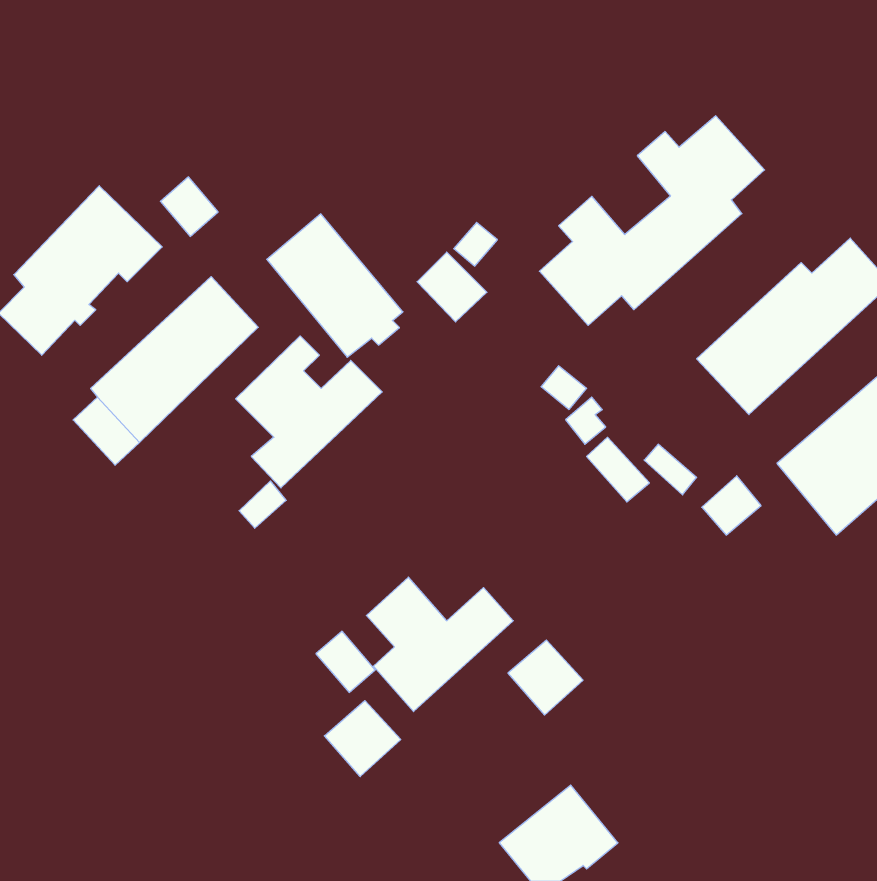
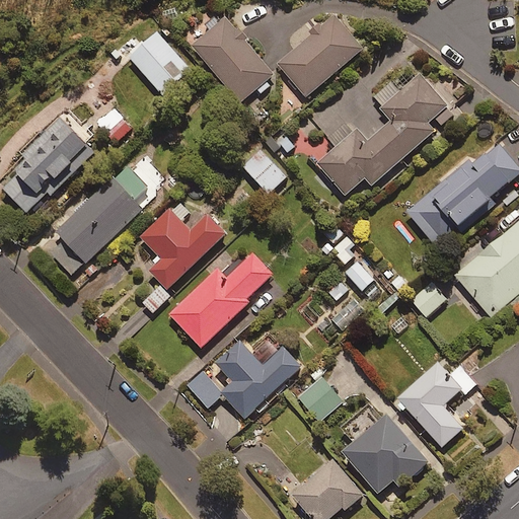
building: none -> [277,14,362,96]
building: none -> [128,31,190,94]
building: [267,214,403,357] -> [193,18,272,101]
building: none -> [169,253,273,348]
building: none -> [398,362,462,446]
building: [324,701,401,777] -> none
building: none -> [345,416,428,493]

